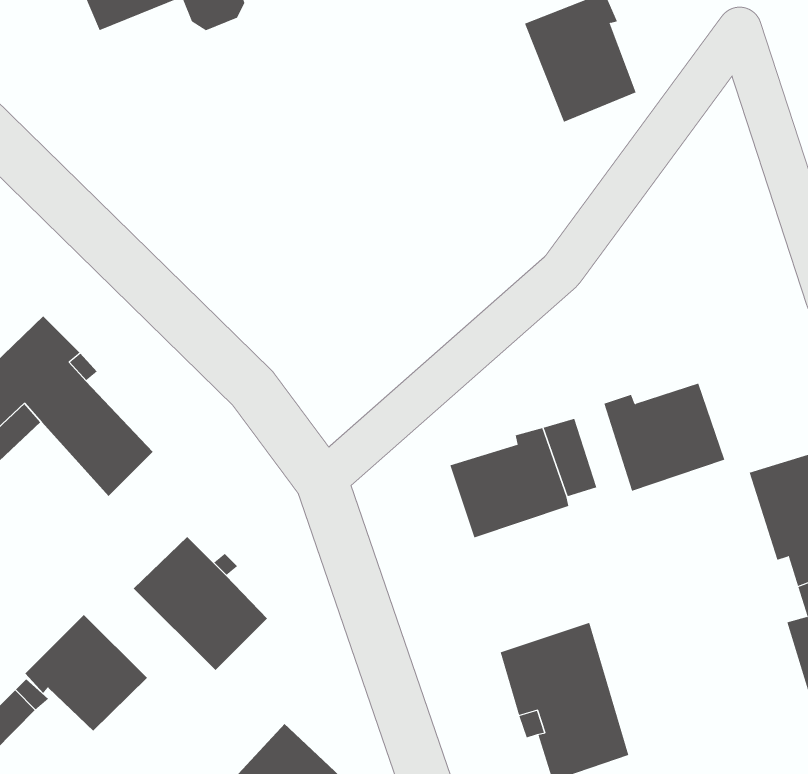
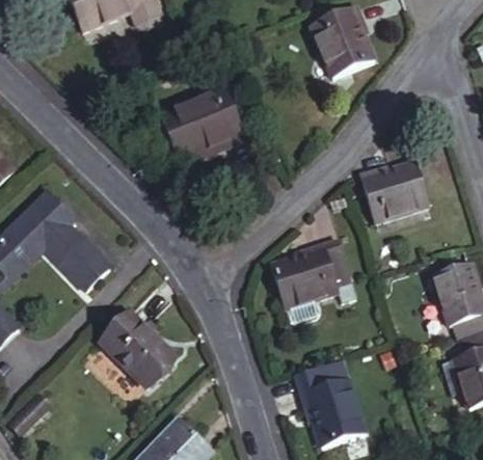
building: none -> [155,90,241,158]
building: [603,383,725,492] -> [363,163,430,223]
building: [24,614,148,732] -> none

